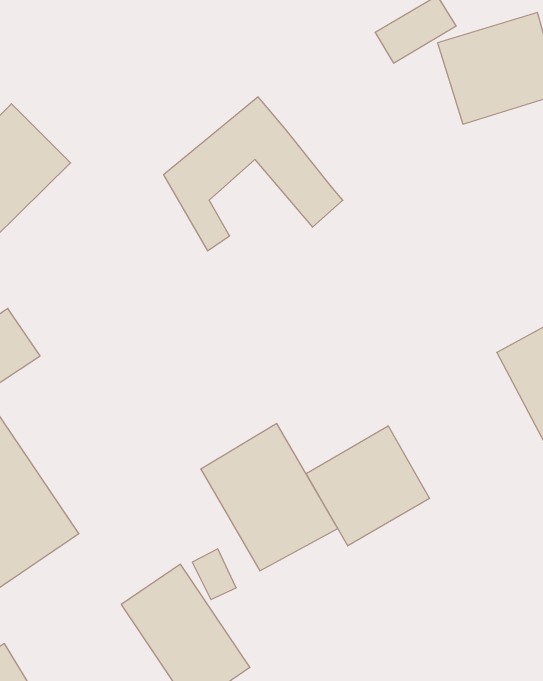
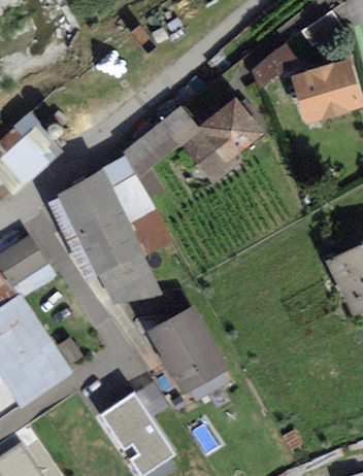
building: none -> [197,96,263,162]
building: none -> [53,154,173,304]
building: [306,426,430,546] -> none

